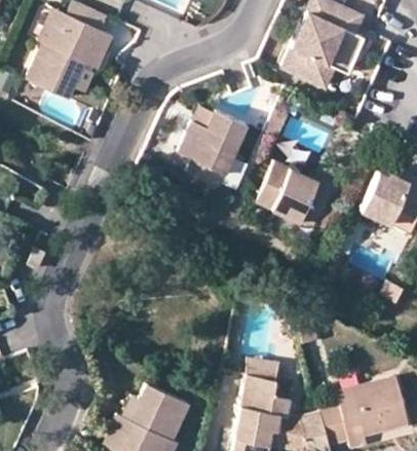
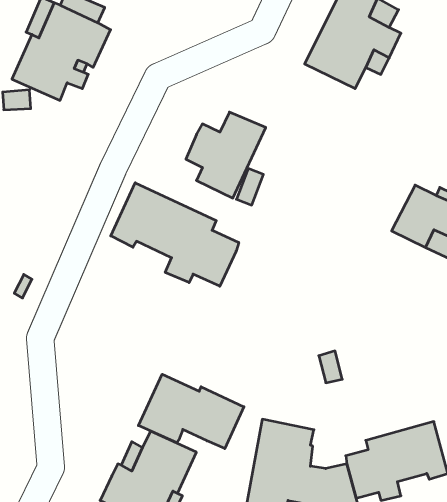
building: [257,162,333,227] -> none
building: none -> [111,183,239,286]
building: none -> [138,374,244,449]

